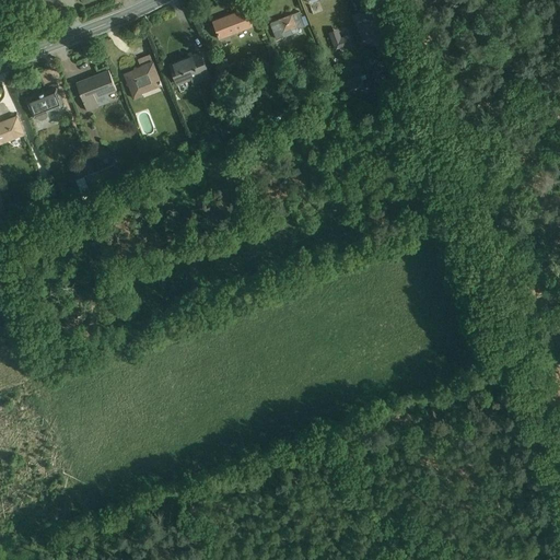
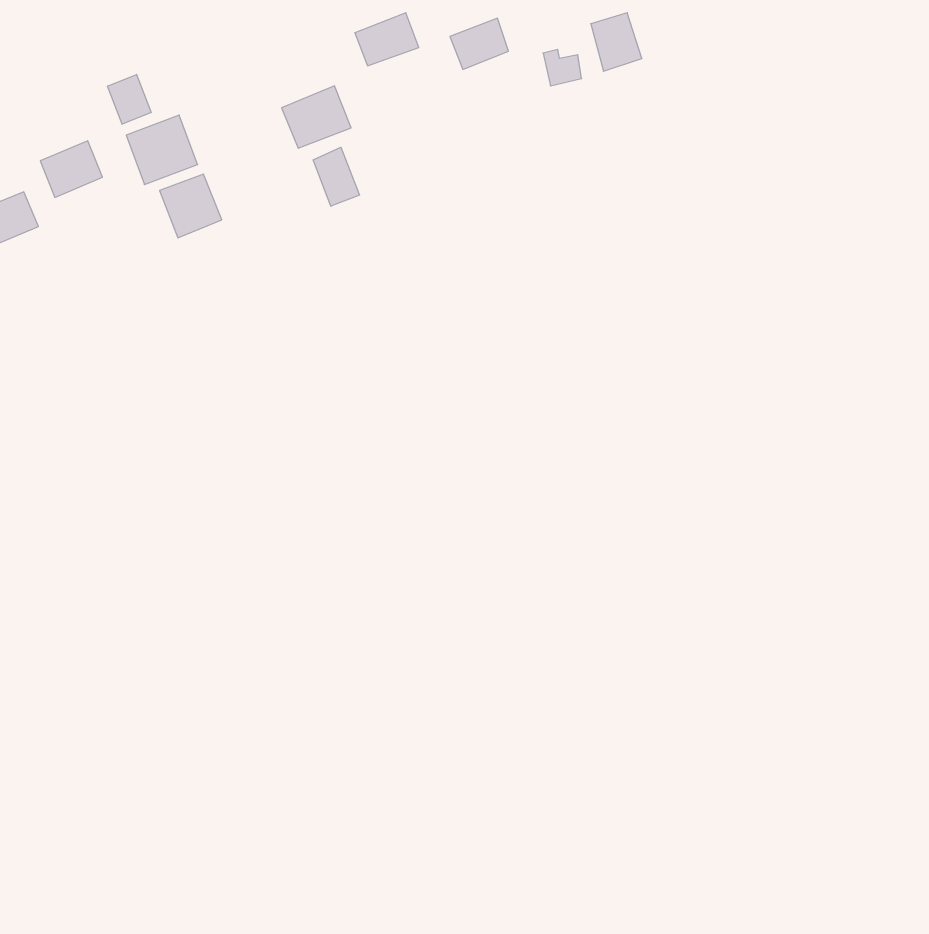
building: none -> [108,74,151,124]
building: [122,59,160,97] -> [160,174,222,238]
building: none -> [313,147,360,206]

